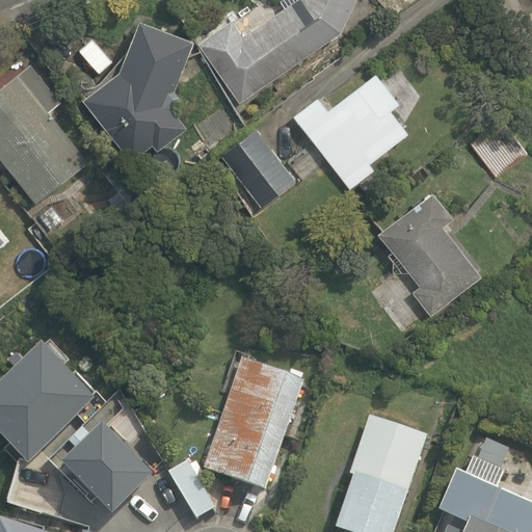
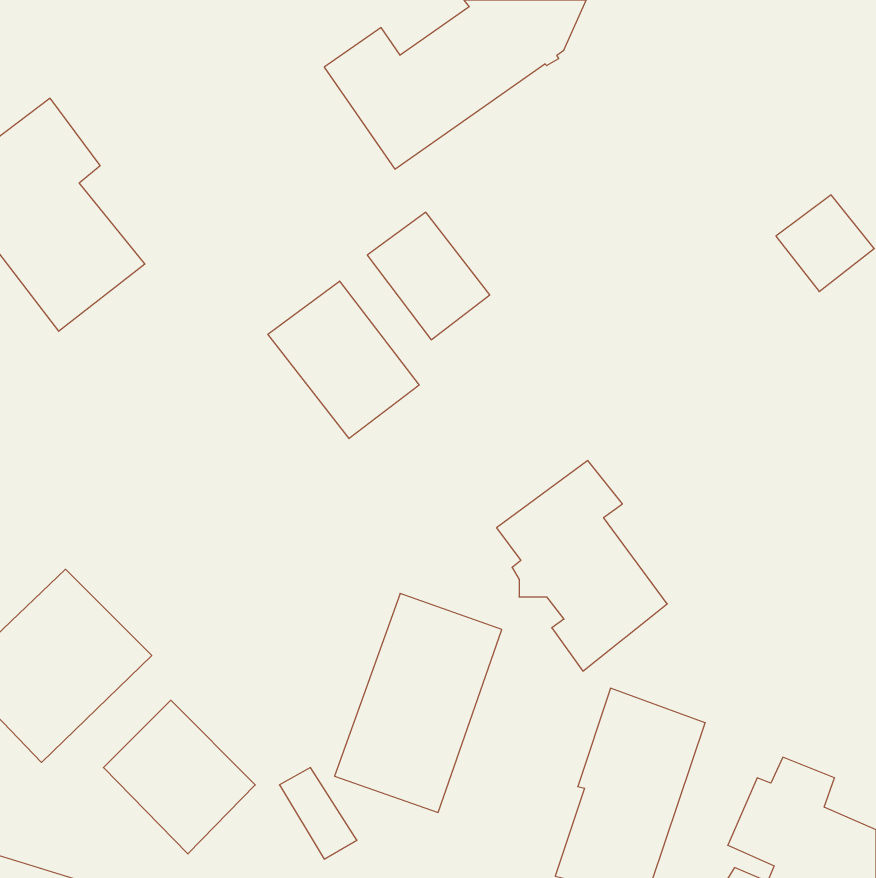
building: [82,18,194,161] -> none
building: [293,73,407,188] -> none
building: none -> [268,281,419,439]
building: [377,190,480,317] -> [497,461,667,671]

